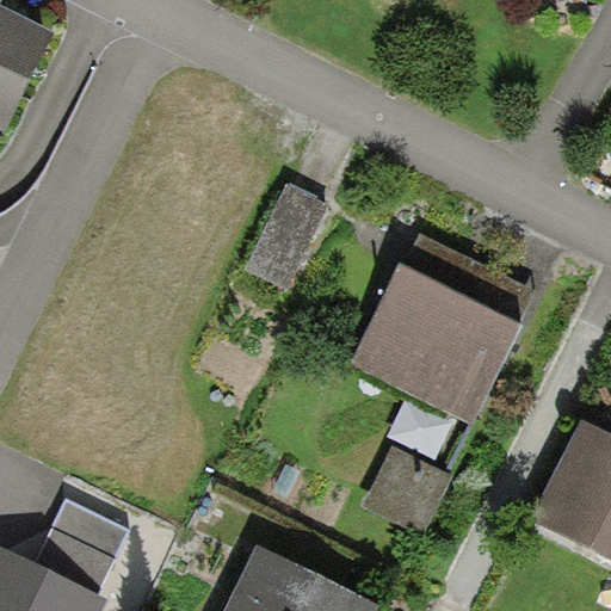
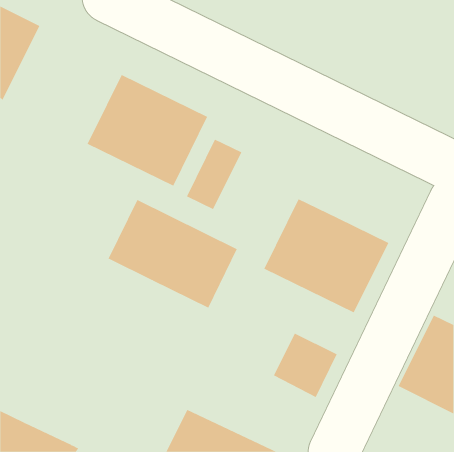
building: none -> [87,74,208,187]
building: none -> [108,199,238,308]
building: [33,498,129,597] -> none

